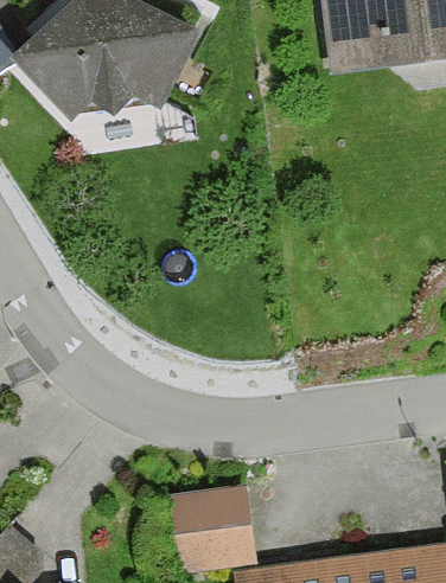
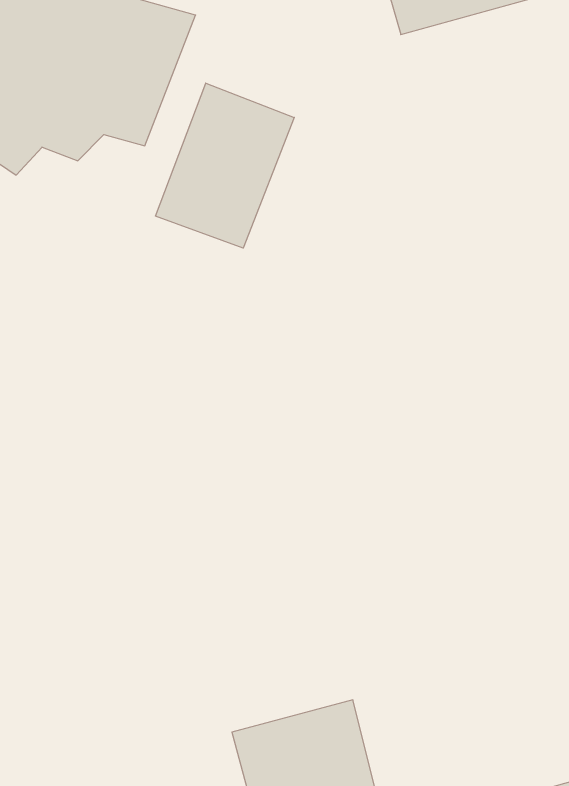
building: none -> [156,83,294,248]

